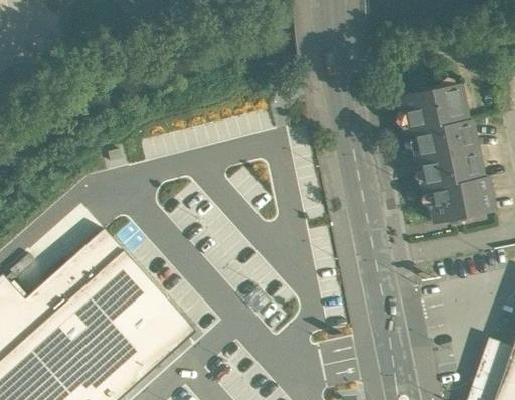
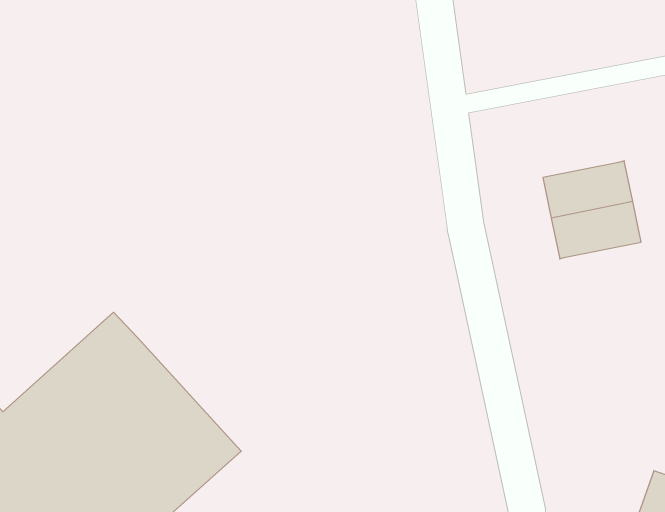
building: [400,87,467,135] -> none
building: [426,179,493,225] -> none

